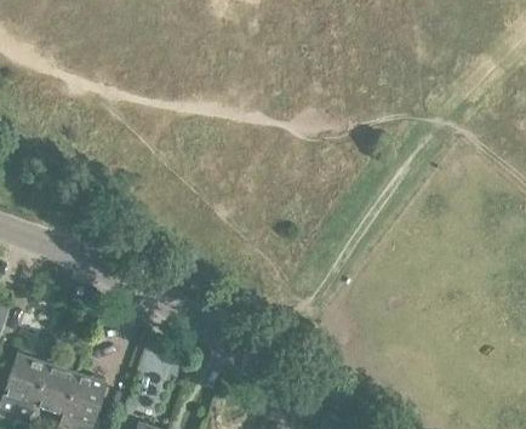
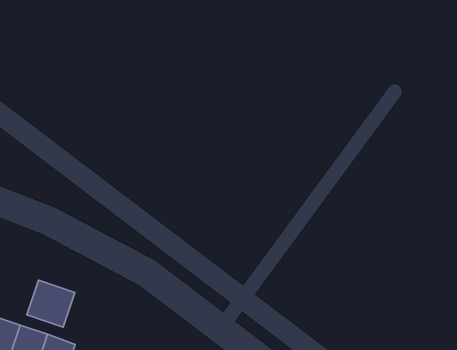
building: none -> [27,280,75,327]

